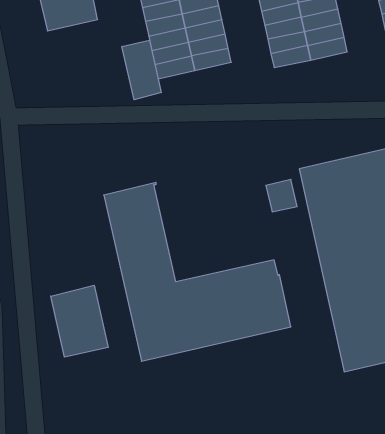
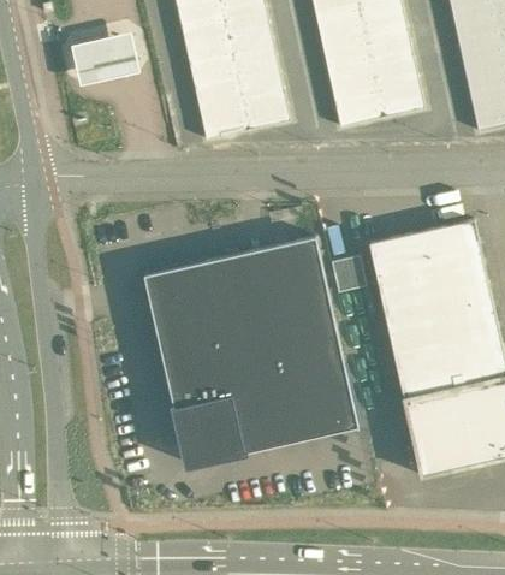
building: [122,40,161,100] -> none
building: none -> [201,236,339,373]
building: [51,285,108,357] -> none

